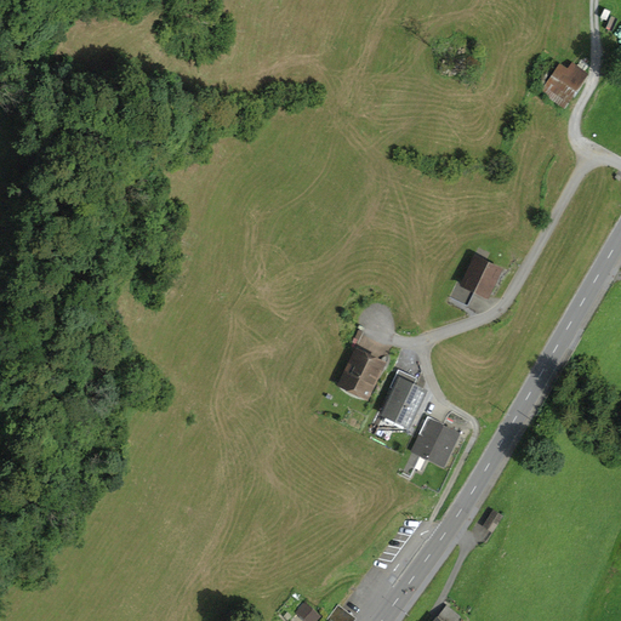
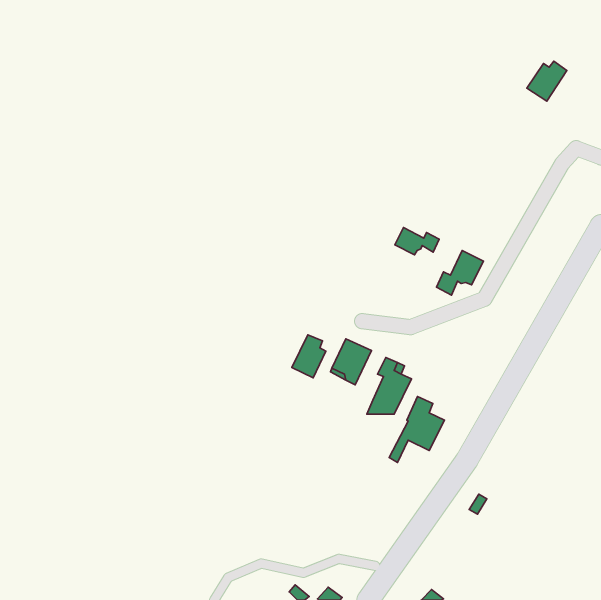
building: none -> [395,228,439,255]
building: none -> [292,335,326,378]

